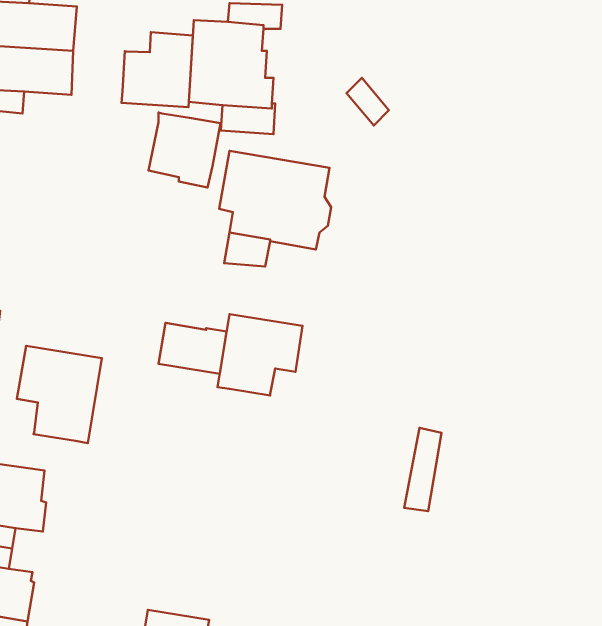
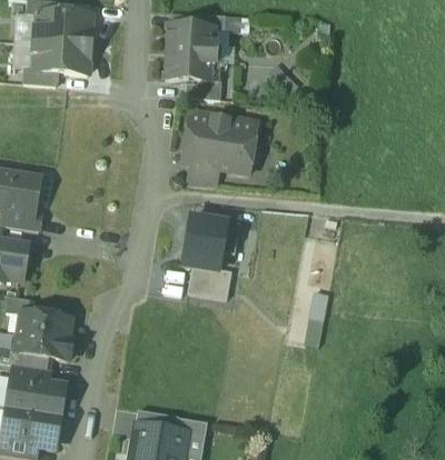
building: [121,32,193,107] -> none
building: [148,112,220,187] -> none
building: [159,323,226,374] -> [186,264,230,298]
building: [17,346,102,443] -> none

